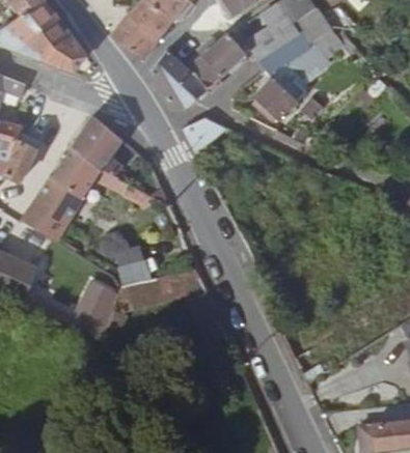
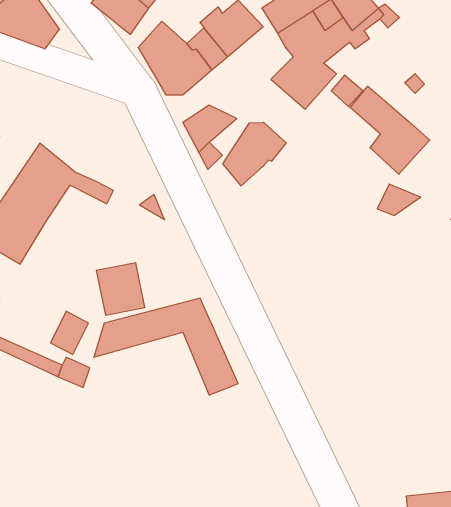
building: none -> [350,86,430,174]
building: [71,115,121,176] -> none
building: none -> [223,122,286,186]

